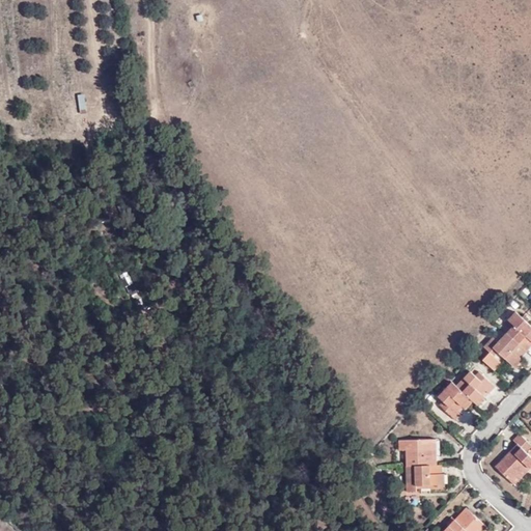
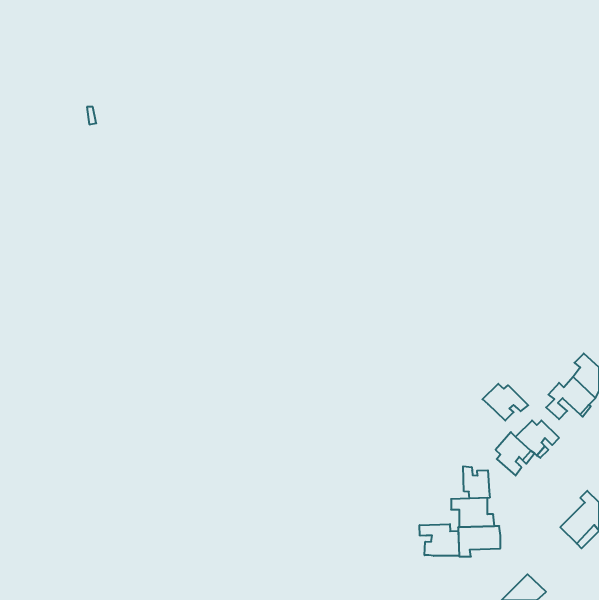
building: none -> [482,384,528,421]
building: none -> [463,466,490,498]
building: none -> [420,524,459,556]

